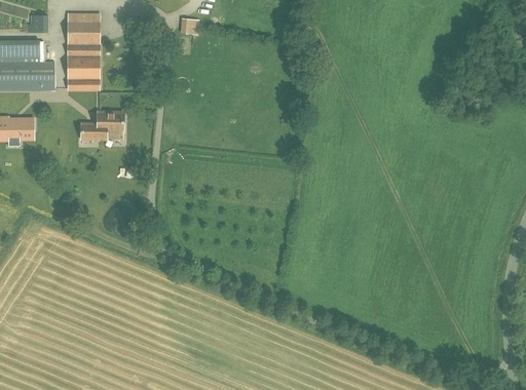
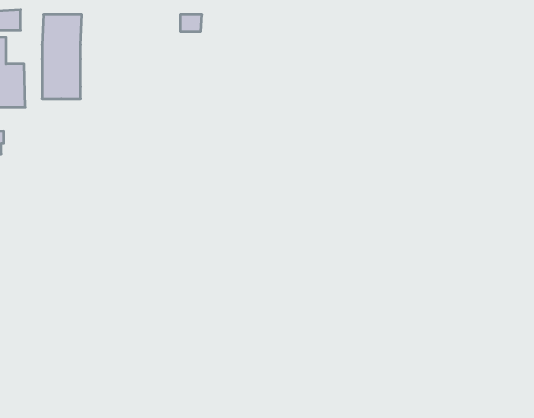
building: [81,112,123,139] -> none

